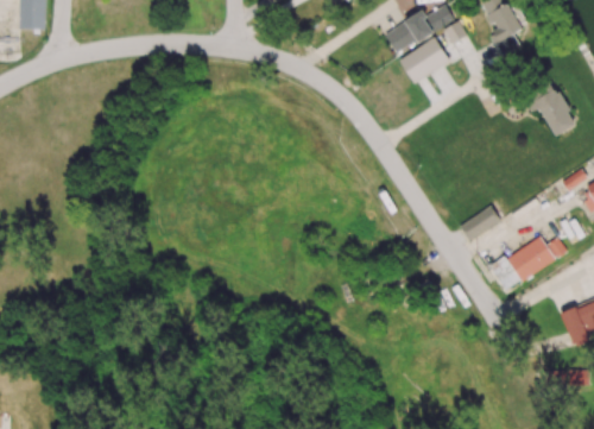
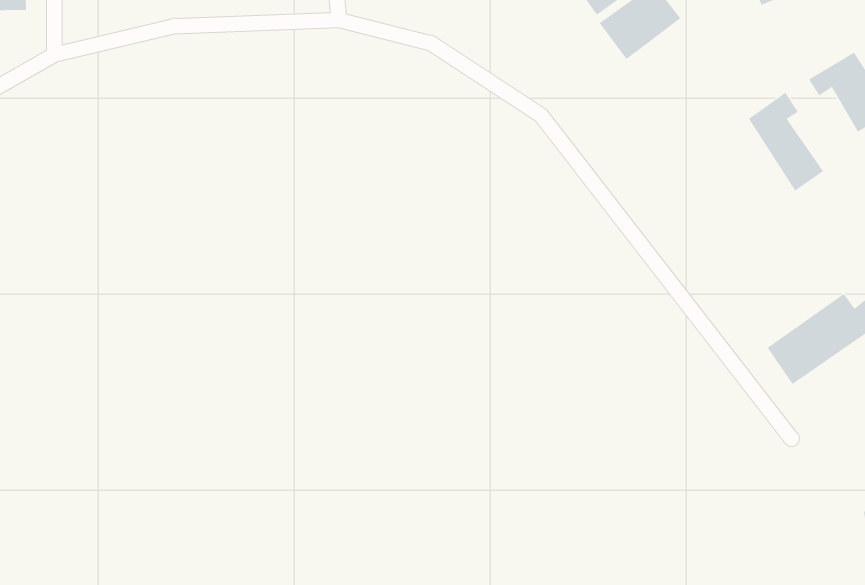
building: none -> [748,92,824,191]
building: [460,204,500,239] -> none

